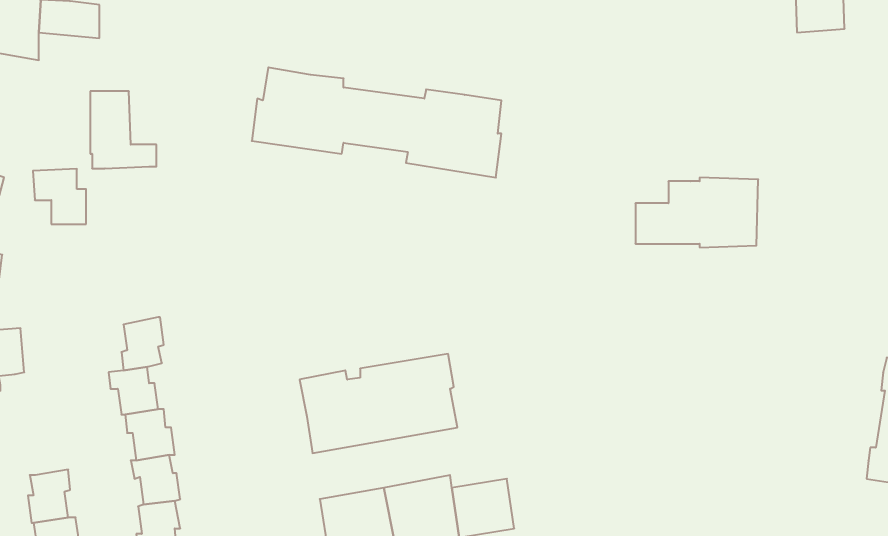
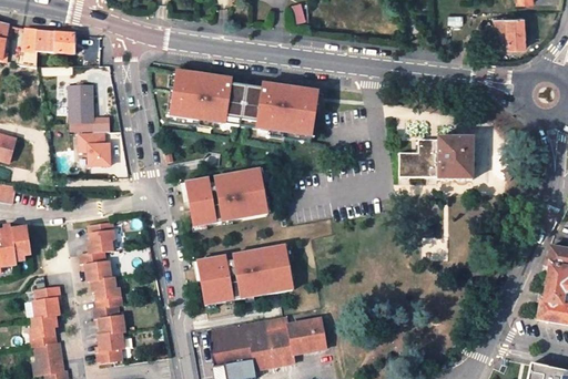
building: [33,169,86,224] -> [78,131,110,164]
building: none -> [186,172,267,229]
building: none -> [33,286,60,317]

